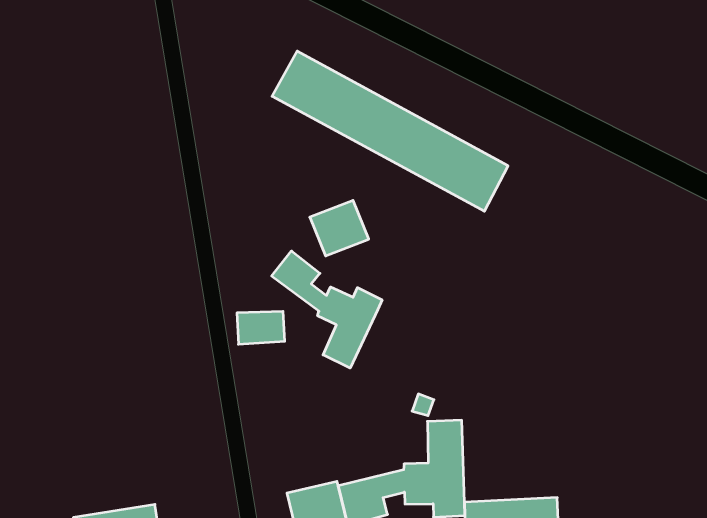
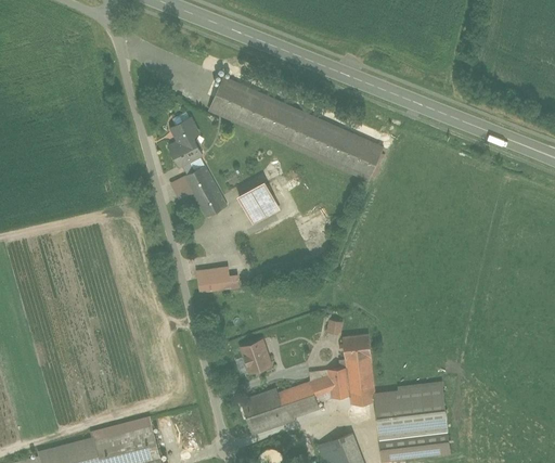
building: none -> [167,119,203,166]
building: none -> [169,166,223,217]
building: [272,251,382,368] -> none
building: none -> [241,338,274,374]

